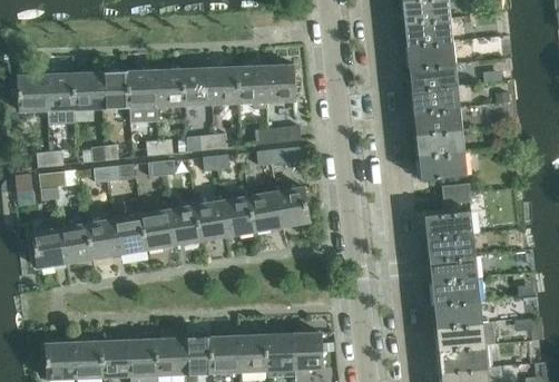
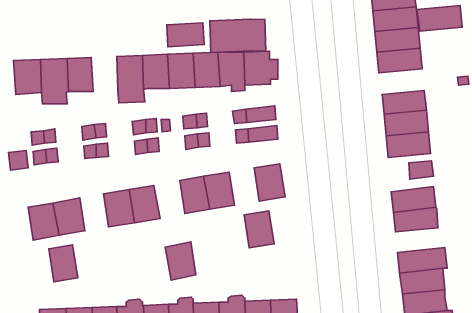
building: none -> [210,19,266,53]
building: none -> [167,23,204,47]
building: [100,71,129,109] -> none
building: [411,85,460,112] -> [417,5,462,31]
building: [249,192,282,232] -> [244,211,274,248]
building: [168,205,202,246] -> [165,242,196,280]
building: [88,219,119,259] -> [49,245,78,282]
building: [429,255,482,283] -> none

